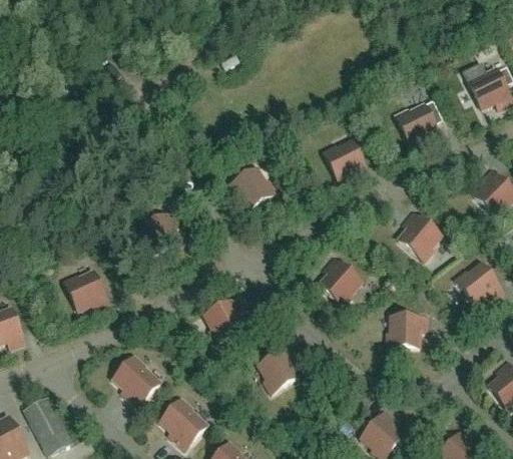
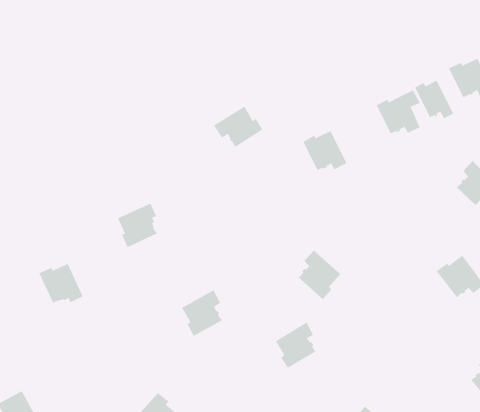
building: none -> [414,80,454,119]
building: [225,167,275,208] -> [213,106,263,148]
building: [398,210,440,256] -> none
building: [386,316,426,346] -> none
building: [258,346,299,392] -> [275,322,317,369]
building: [112,355,159,406] -> none

